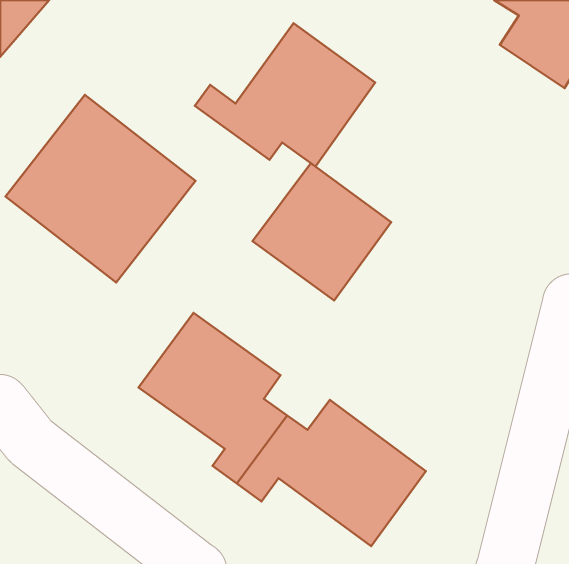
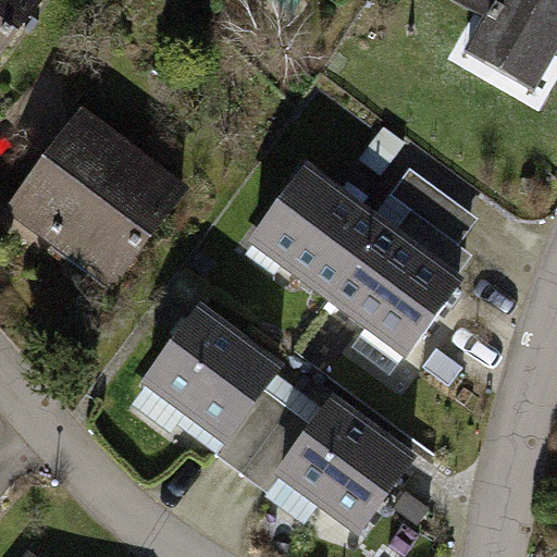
building: [195,23,375,166] -> none
building: none -> [327,173,468,352]

